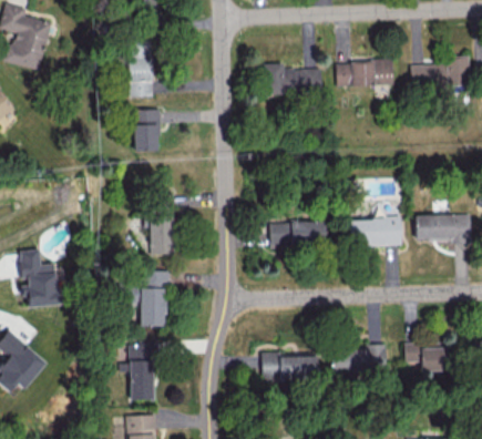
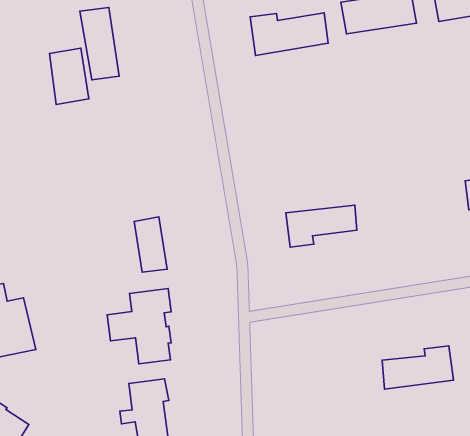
building: [134,110,161,152] -> [49,48,89,105]
building: [349,218,402,246] -> none
building: [261,354,317,380] -> none

